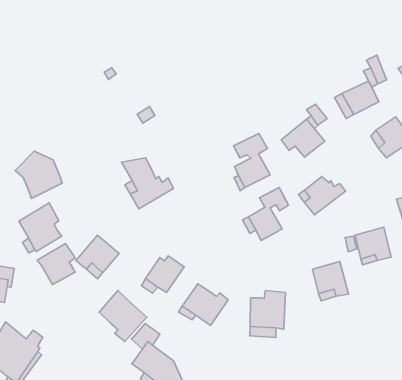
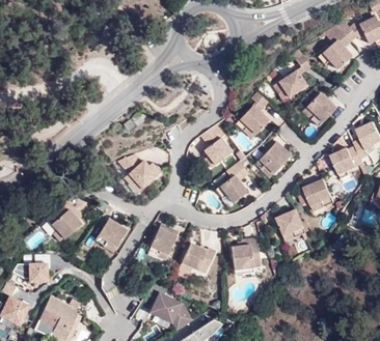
building: [15,151,62,198] -> none
building: [37,243,75,285] -> none
building: [99,291,147,341] -> none

